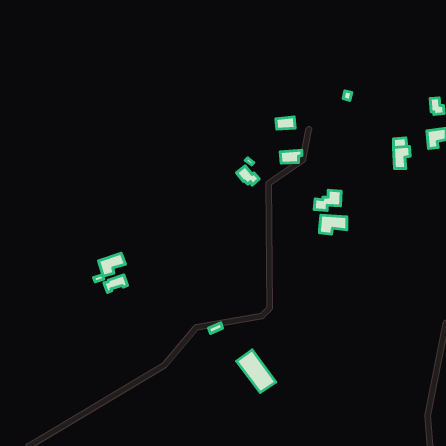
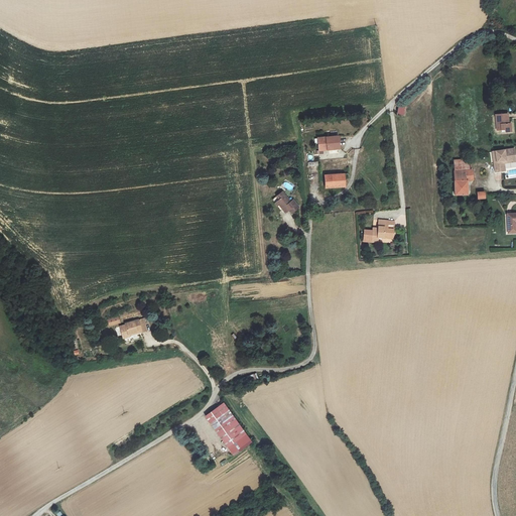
building: [319,215,347,234] -> none
building: [98,253,126,276] -> none
building: [236,350,276,393] -> [206,403,251,453]

